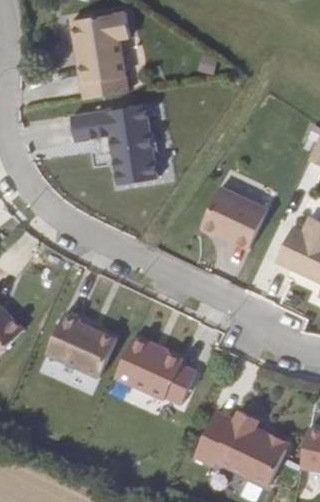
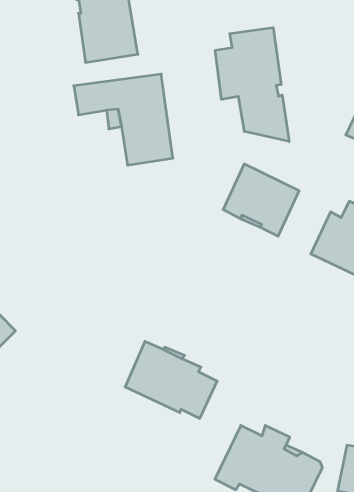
building: none -> [215,28,289,142]
building: [46,312,116,376] -> none

